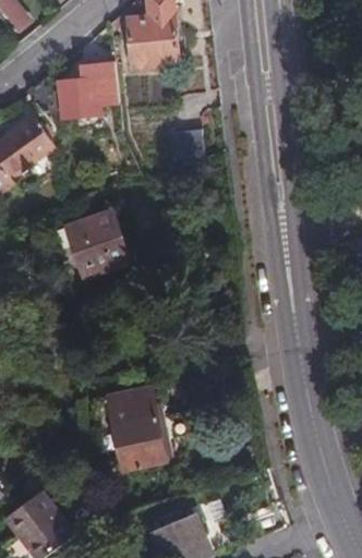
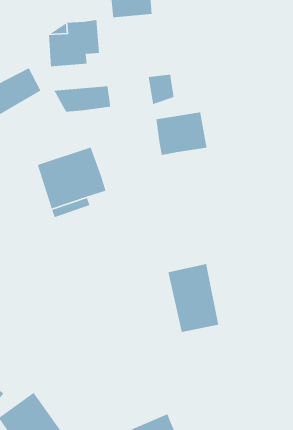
building: none -> [53,85,111,112]
building: none -> [155,111,207,156]
building: [106,388,165,468] -> [168,263,219,333]

